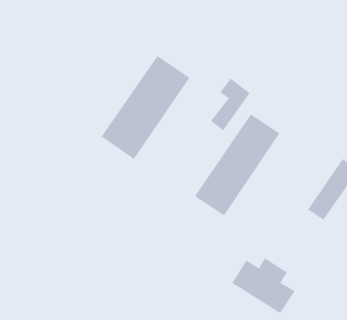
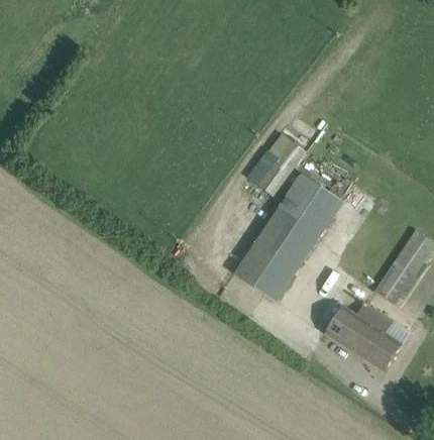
building: [101,55,190,160] -> none
building: [231,257,296,314] -> [325,303,402,370]

